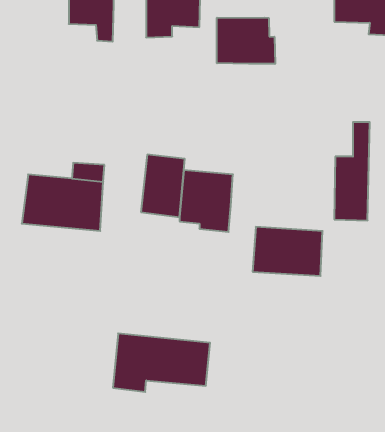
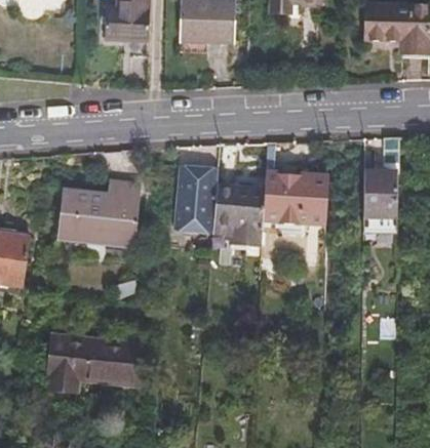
building: [217,18,275,64] -> none
building: [253,227,323,276] -> [263,175,331,223]
building: [113,333,210,392] -> [46,334,142,392]

